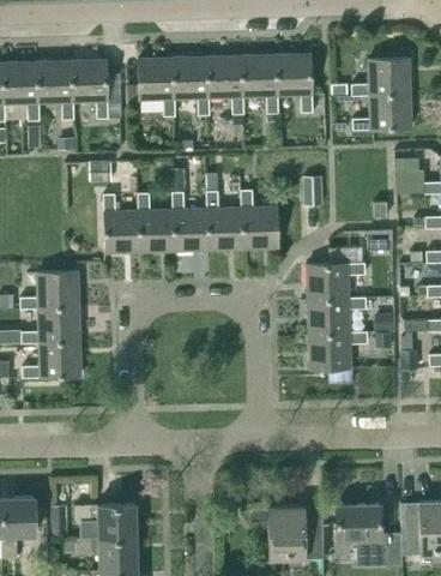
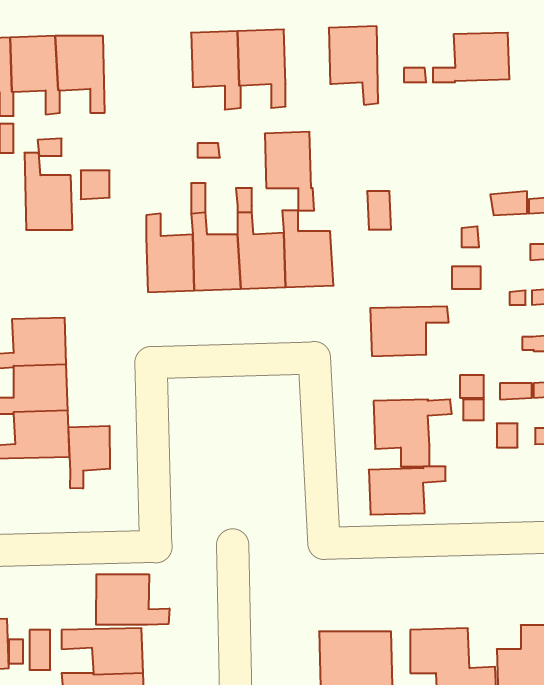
building: [242,54,279,113] -> [265,132,314,210]
building: [138,58,175,115] -> none
building: [354,92,411,130] -> none
building: [104,194,140,252] -> [24,153,72,230]
building: [308,298,366,334] -> [369,467,446,515]
building: none -> [68,426,110,489]
building: none -> [96,574,169,625]

